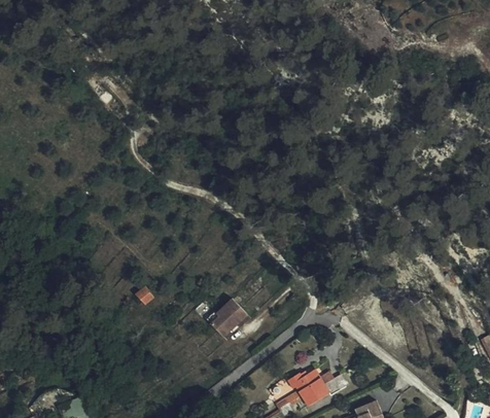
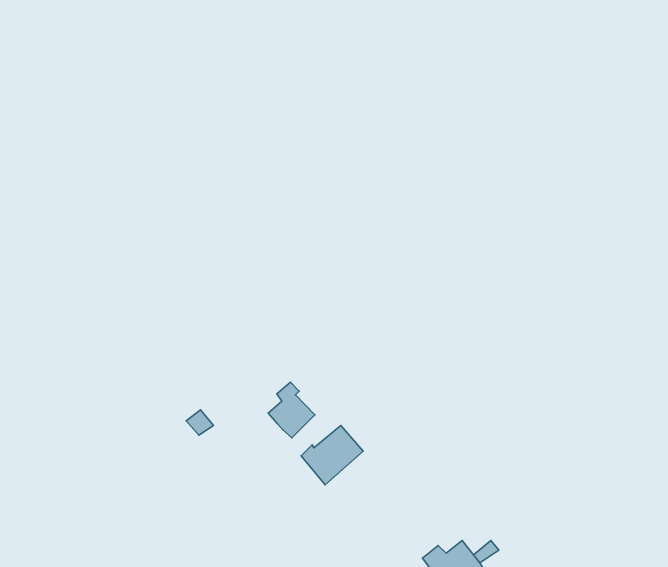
building: none -> [268,382,315,438]

